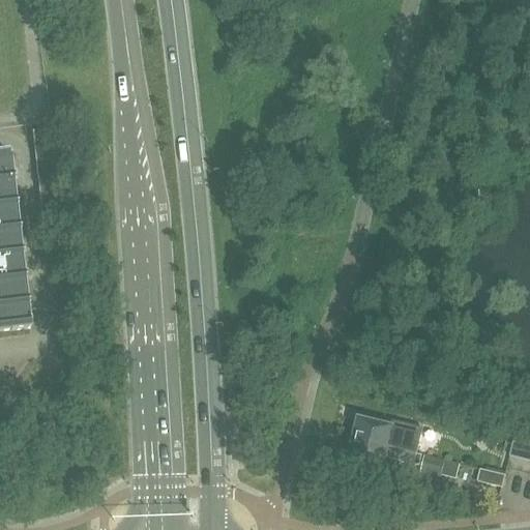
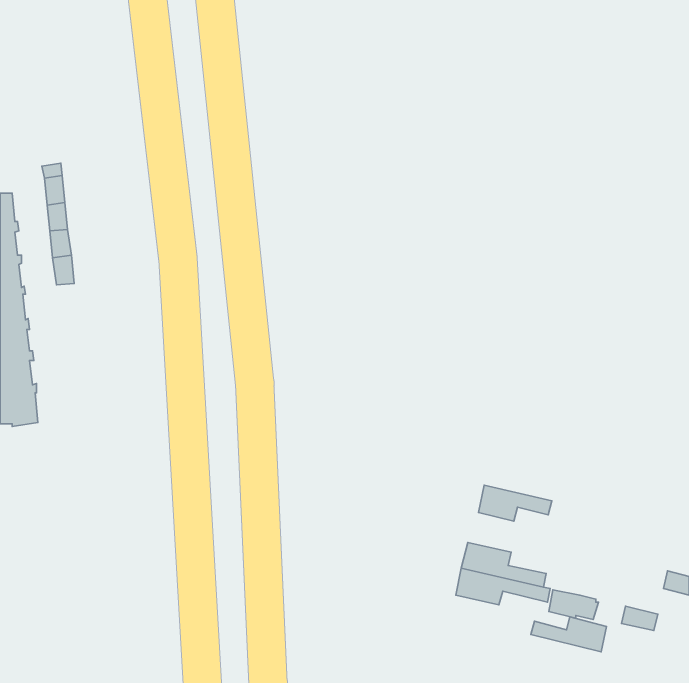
building: none -> [479,485,552,521]
building: none -> [531,617,607,652]

